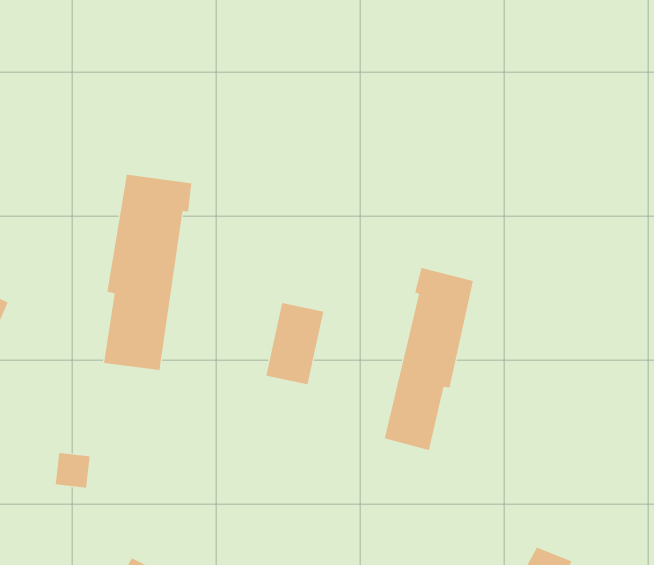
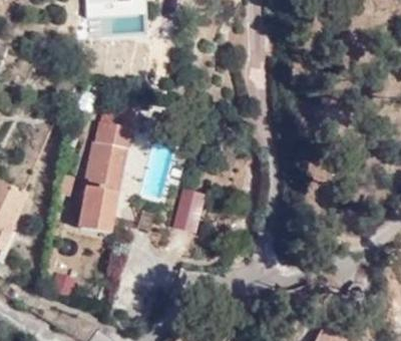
building: [384,267,473,451] -> none

